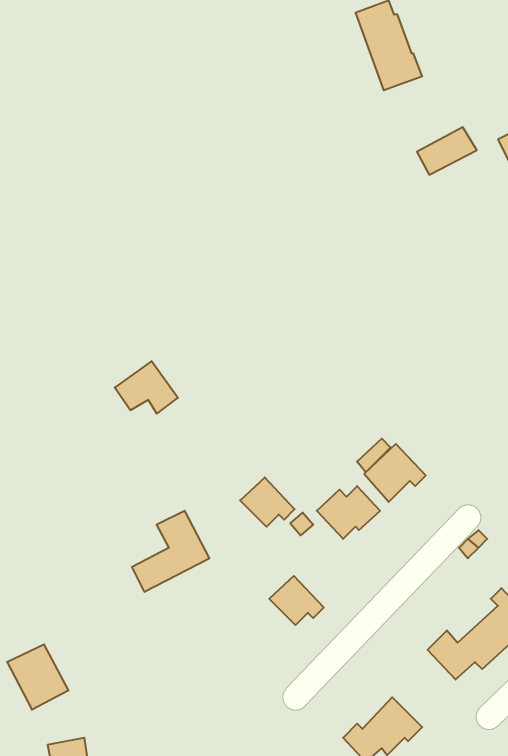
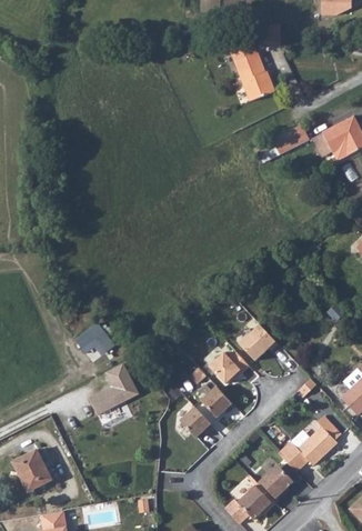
building: [115,361,178,414] -> [74,322,114,355]
building: [240,477,295,527] -> [199,387,233,418]
building: none -> [255,464,293,502]

